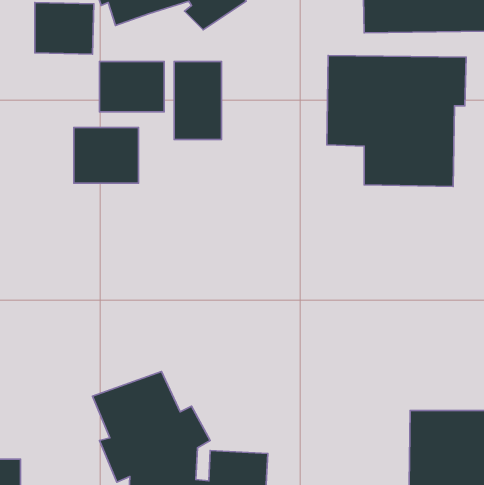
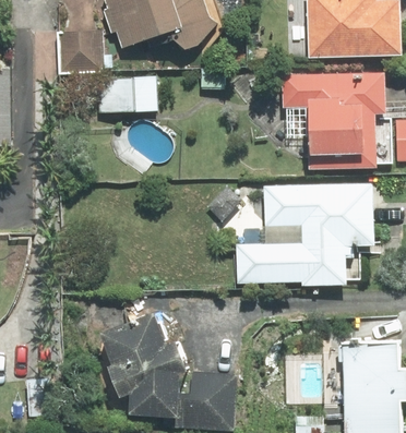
building: [174,62,221,140] -> none
building: [74,127,139,183] -> none
building: none -> [235,185,375,285]

